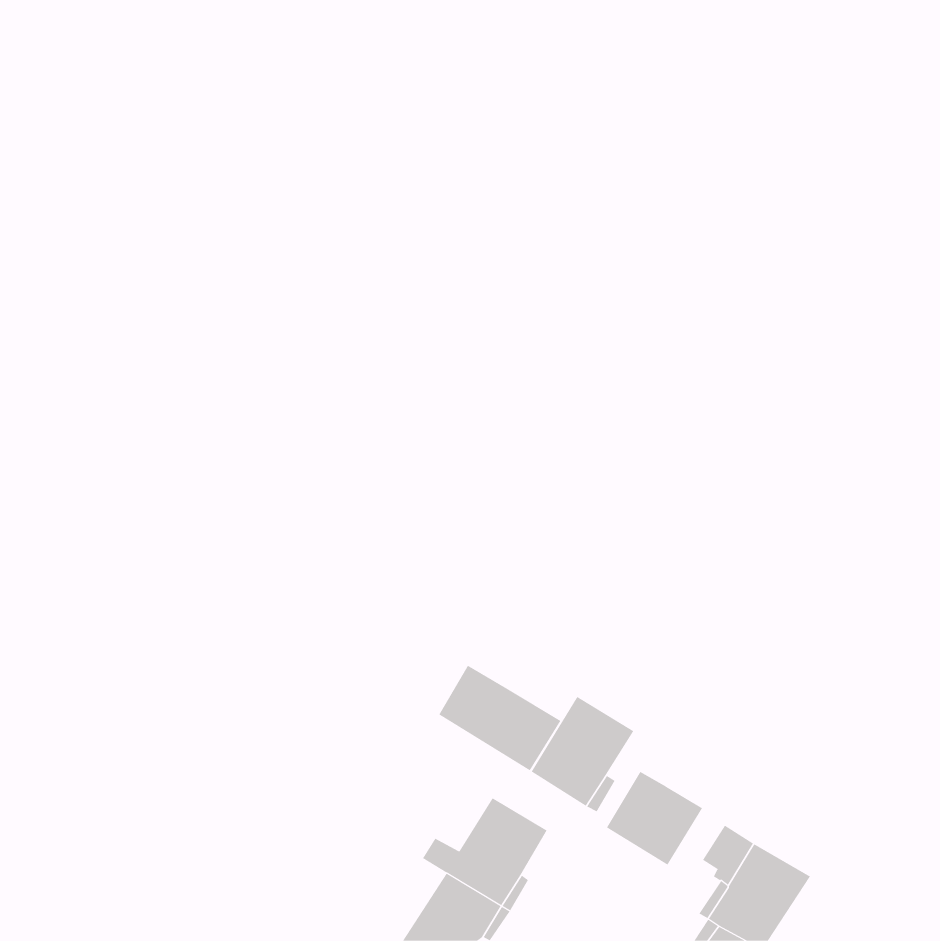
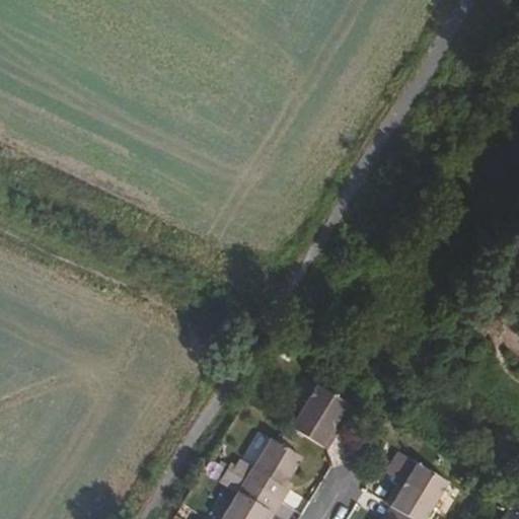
building: [439,665,561,771] -> none
building: [606,771,703,866] -> none

